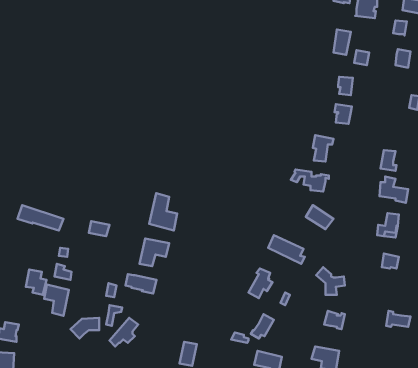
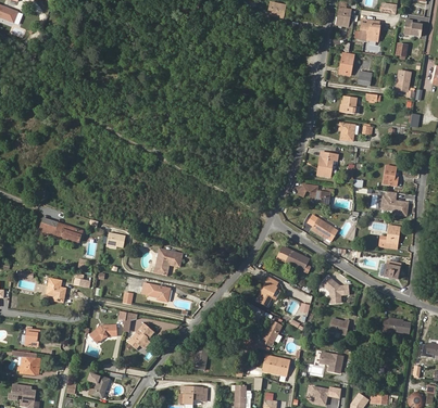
building: [149,193,177,231] -> none
building: [44,285,69,316] -> none

